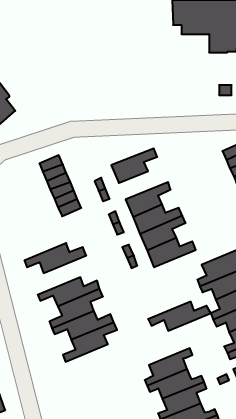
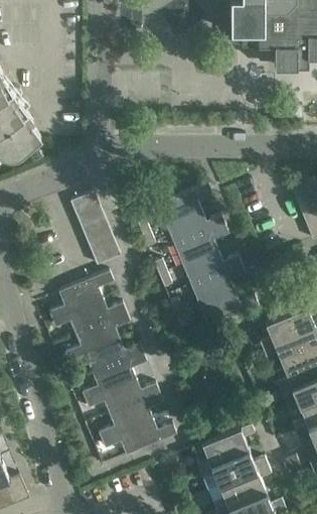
building: none -> [165,211,224,245]
building: none -> [47,270,113,318]
building: none -> [64,312,129,360]
building: [148,302,211,331] -> [101,419,176,455]

